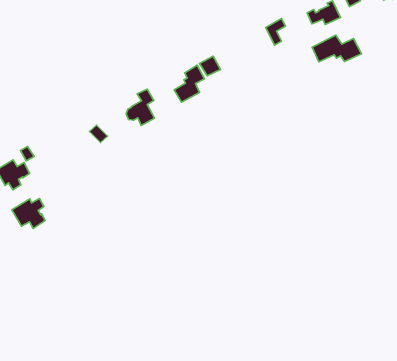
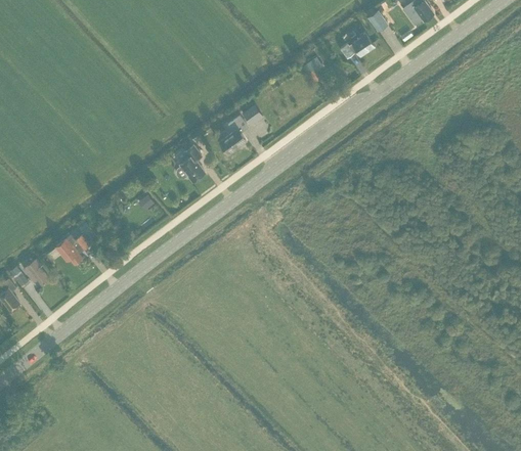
building: [312,35,361,62] -> none
building: [12,198,45,228] -> none

